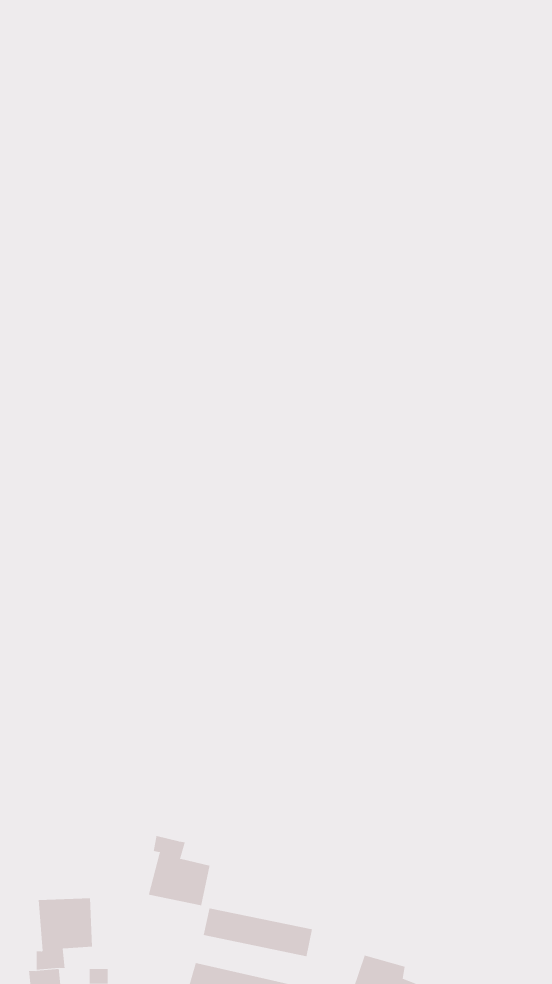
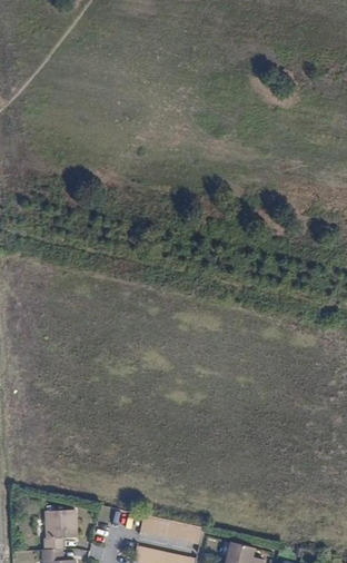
building: [148,835,210,906] -> none

